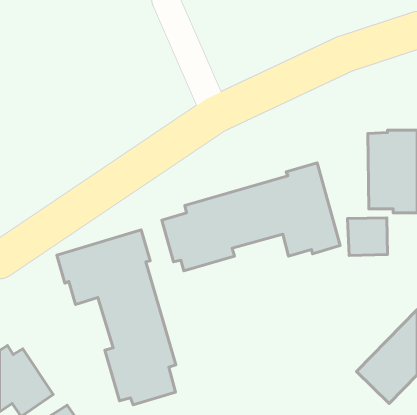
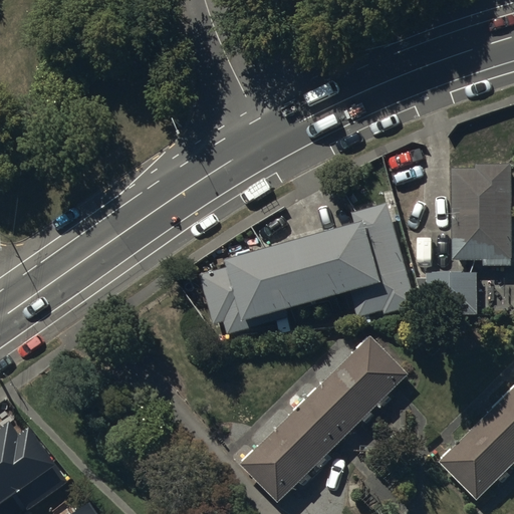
building: [57,230,176,405] -> none
building: none -> [241,335,407,502]

